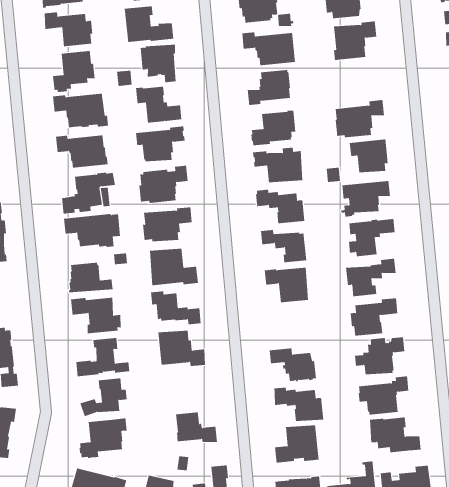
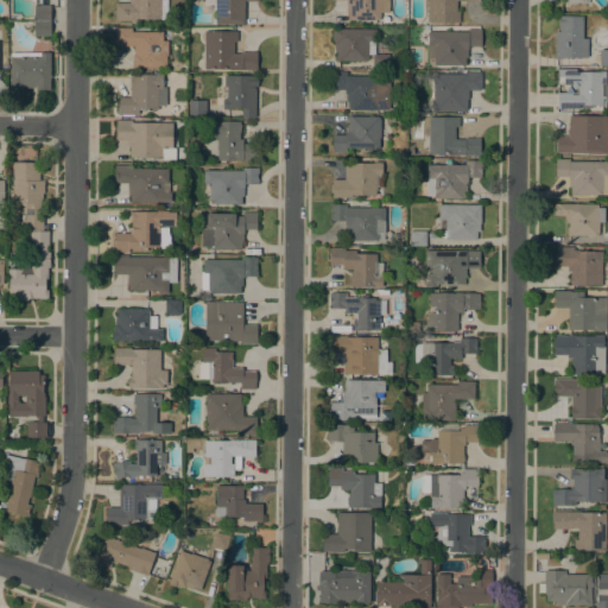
building: none -> [429,116,481,156]
building: none -> [329,380,385,419]
building: none -> [186,438,256,476]

